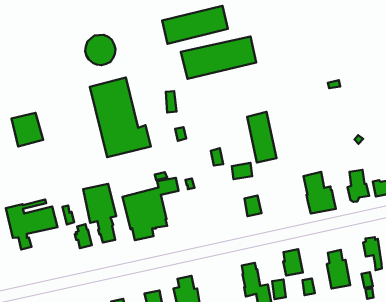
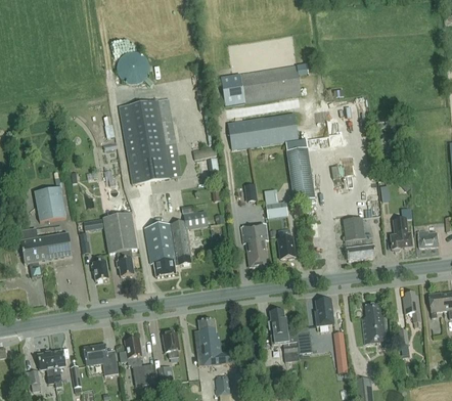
building: [162,6,228,44] -> [228,113,299,149]
building: [11,113,43,146] -> [34,186,66,221]
building: none -> [241,222,267,265]

